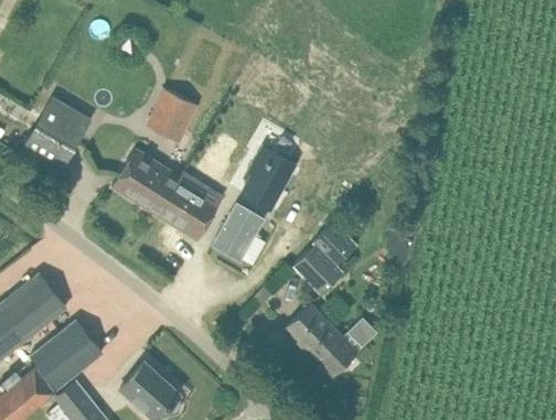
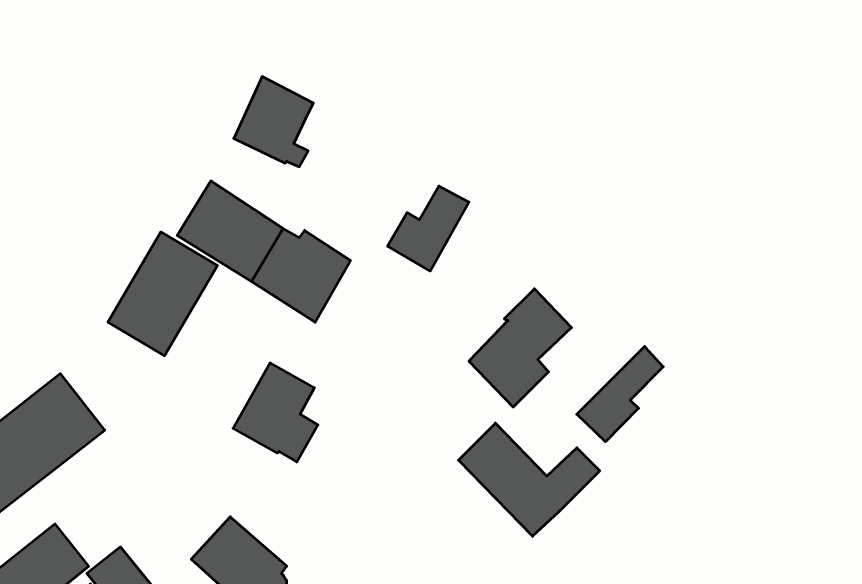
building: [20,97,88,174] -> [108,232,217,356]
building: [213,203,266,265] -> [233,363,318,462]
building: none -> [577,346,663,442]
building: [30,320,103,389] -> none

